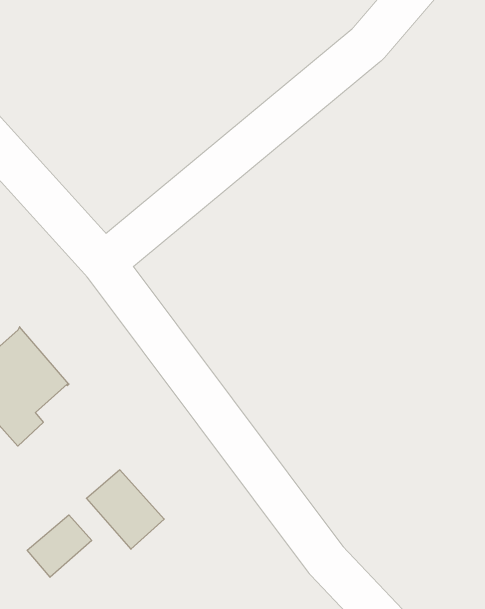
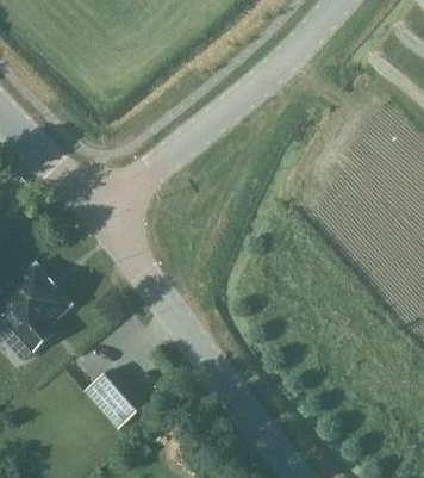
building: [27,515,92,577] -> none

